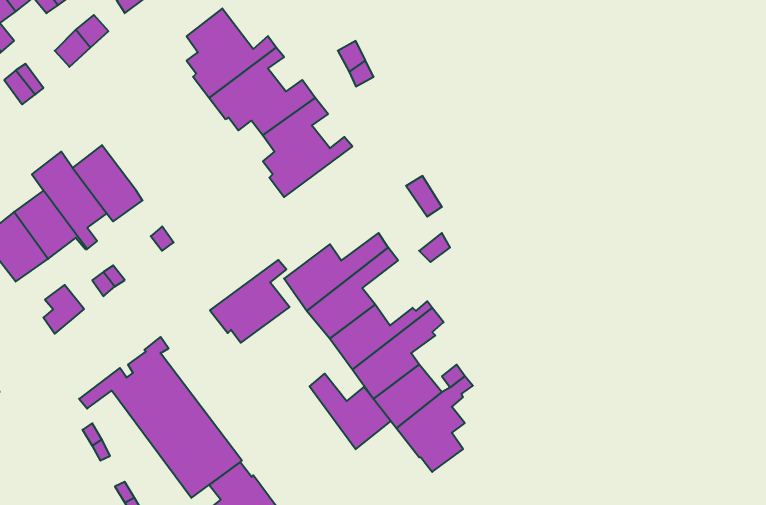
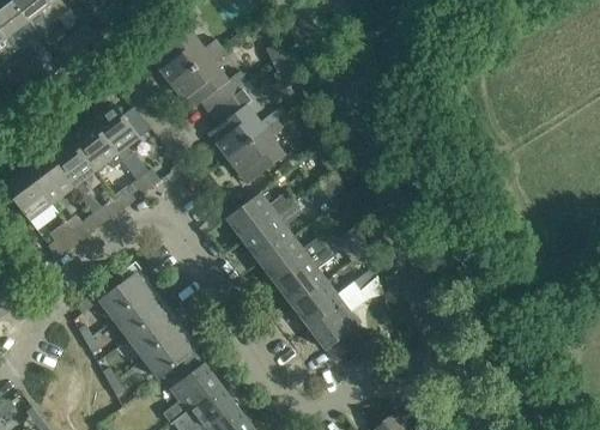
building: none -> [92,104,150,153]
building: [210,260,290,343] -> [226,121,285,182]
building: [310,374,391,449] -> none

